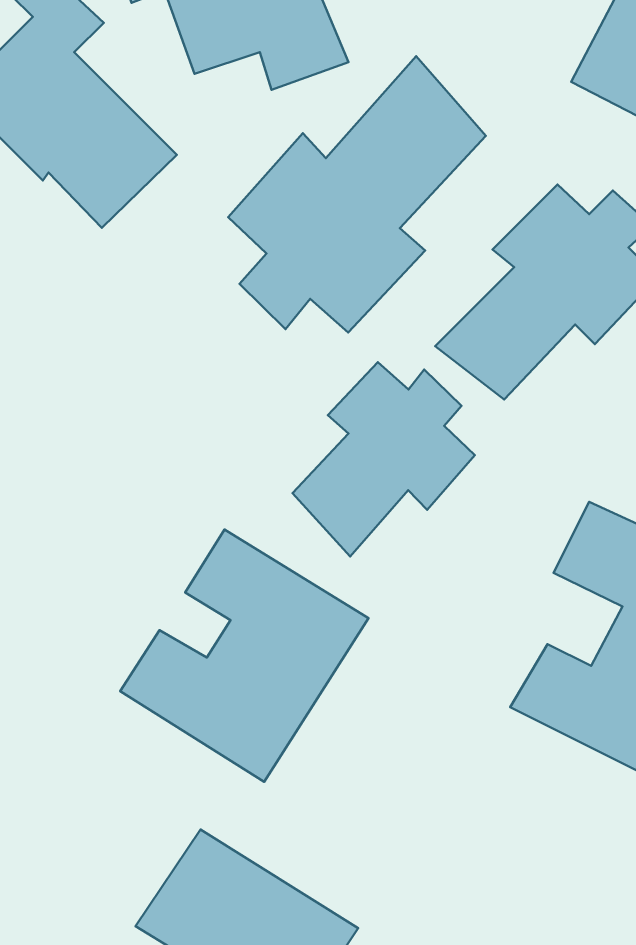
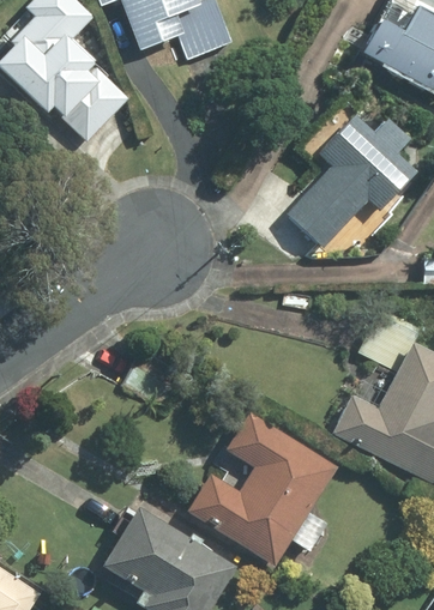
building: [228,56,486,332] -> none
building: [293,362,475,557] -> none
building: [120,529,369,782] -> [188,413,339,567]

